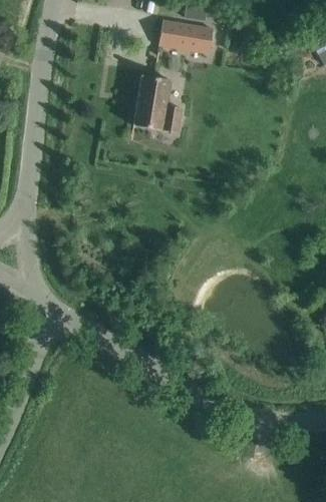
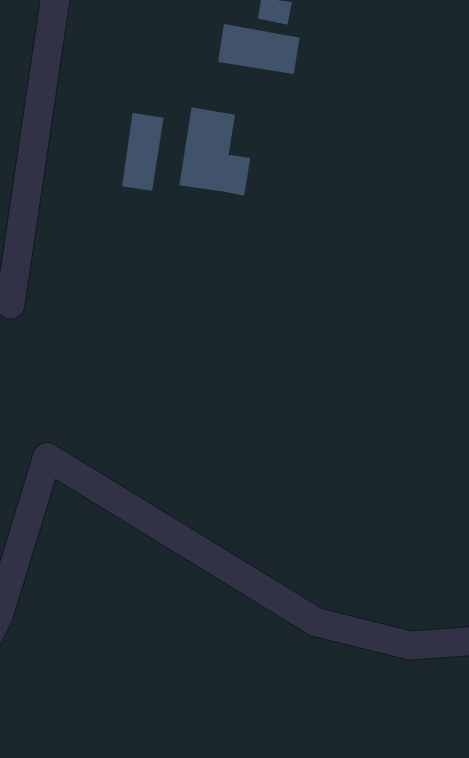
building: none -> [121,112,164,192]

